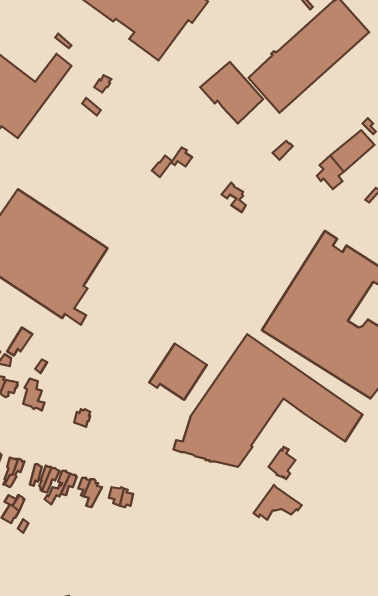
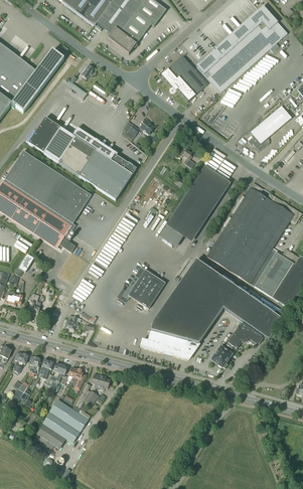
building: none -> [28,117,136,199]
building: none -> [158,165,230,248]
building: [254,485,302,520] -> [226,322,263,348]
building: none -> [37,381,98,448]

